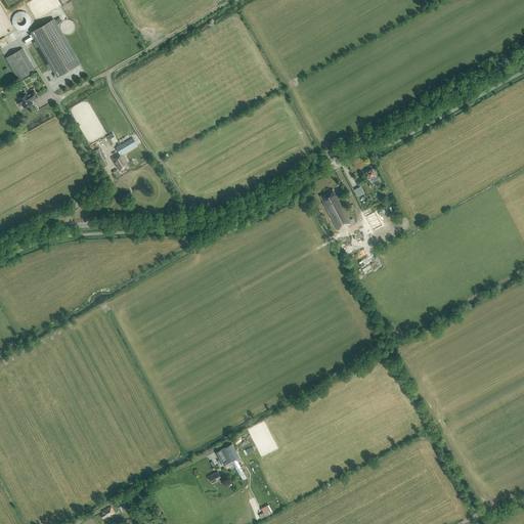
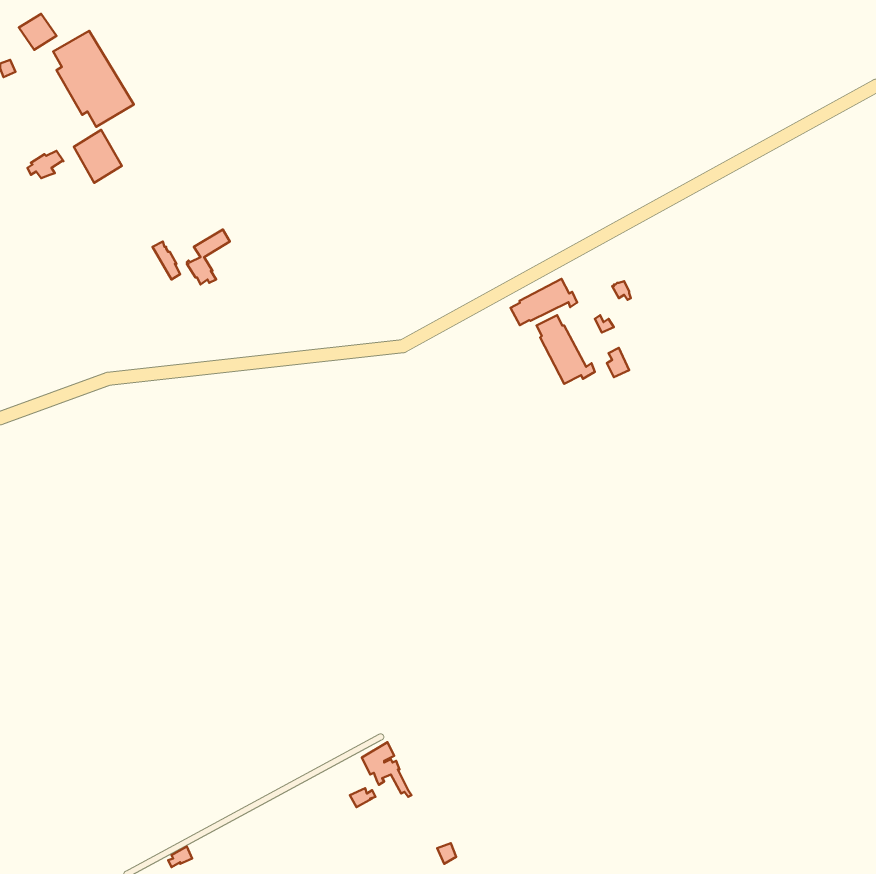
building: [6,47,35,79] -> [74,130,122,183]
building: none -> [511,279,577,325]

